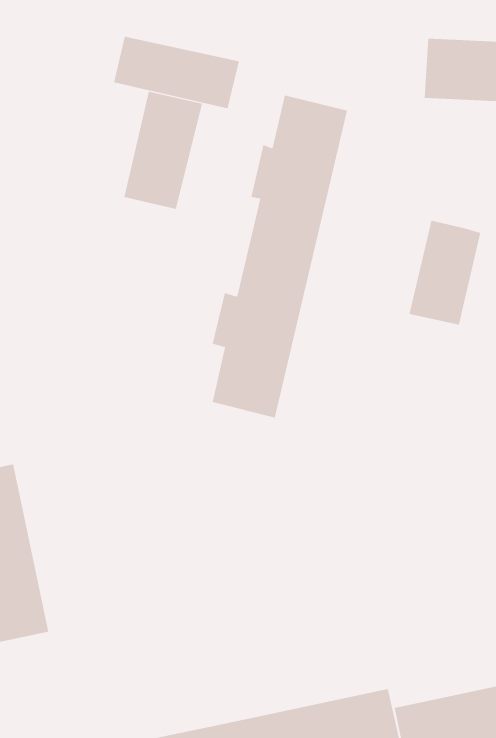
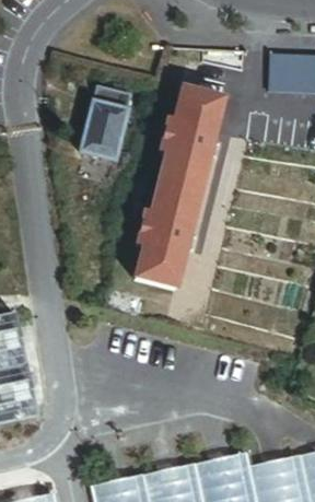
building: [114,36,239,109] -> none
building: [409,220,481,326] -> none

